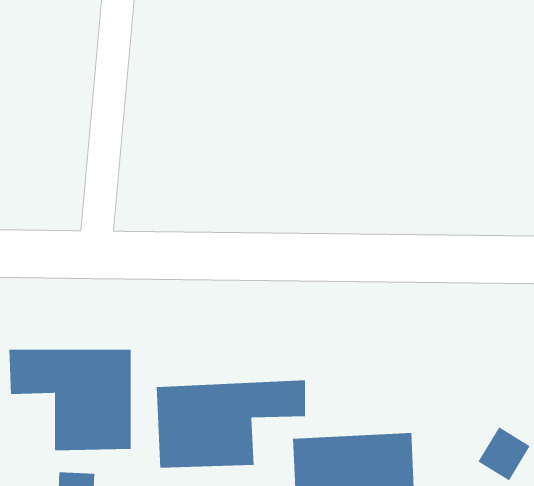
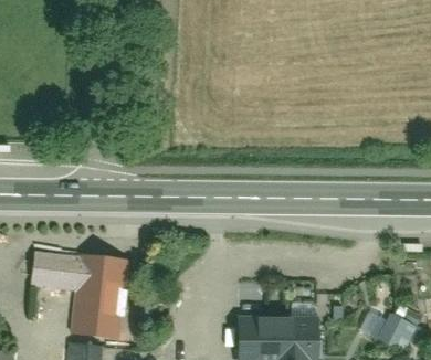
building: [156,380,306,468] -> none

